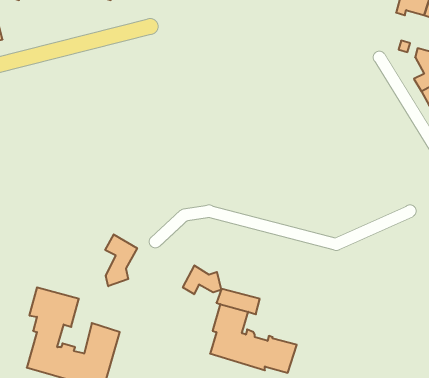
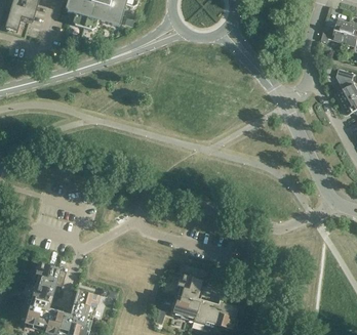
building: [105,234,137,286] -> none
building: [183,265,221,294] -> none

